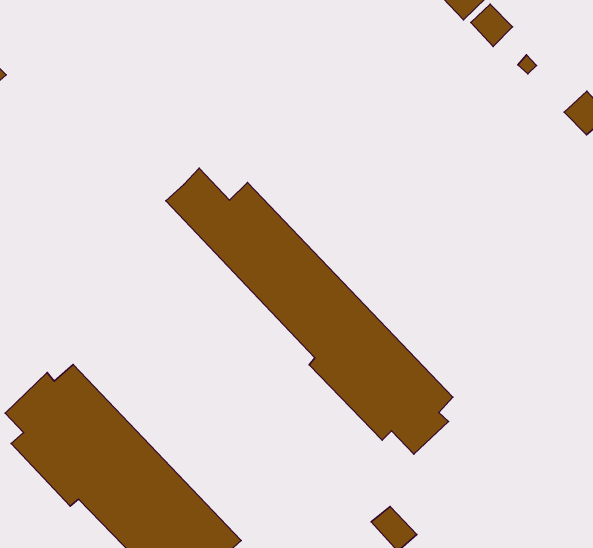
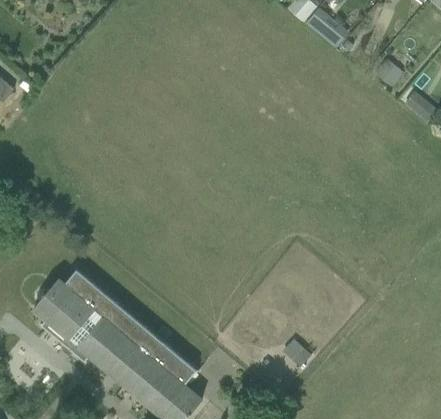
building: [166,168,453,454] -> none

